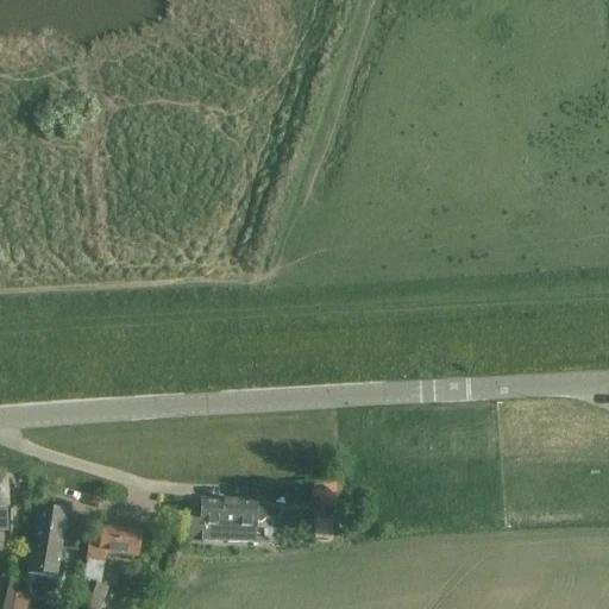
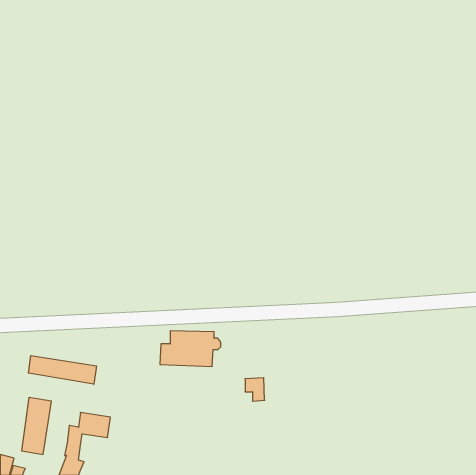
building: none -> [28,356,96,384]
building: [189,497,266,542] -> [160,331,221,366]

